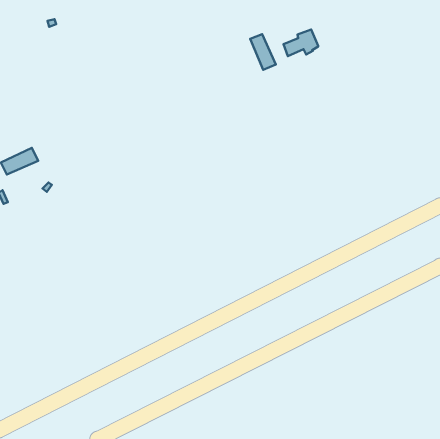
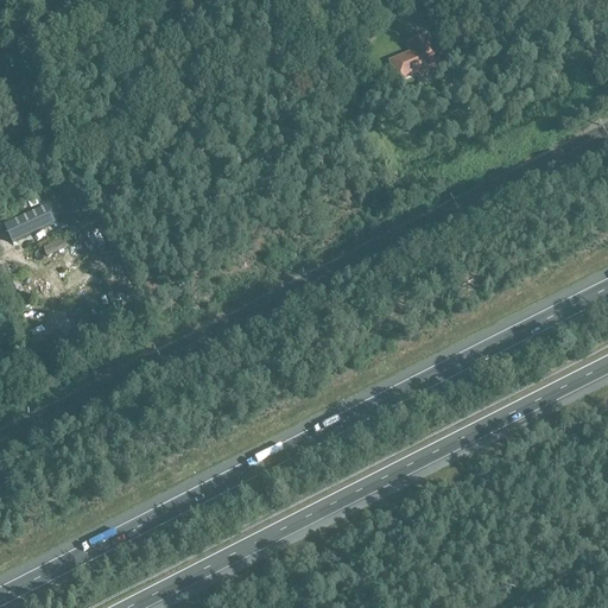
building: [250,34,276,70] -> none

